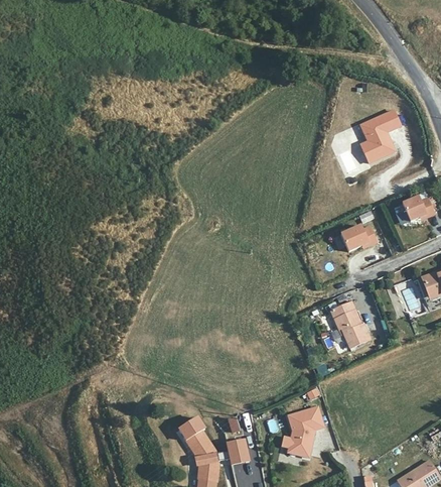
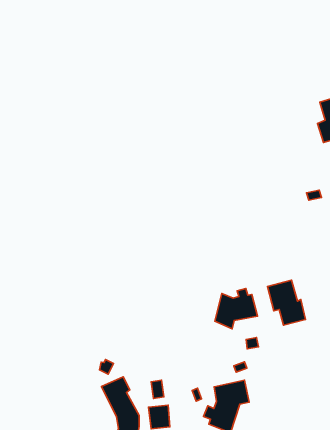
building: [343,224,377,249] -> none
building: none -> [215,288,258,329]

